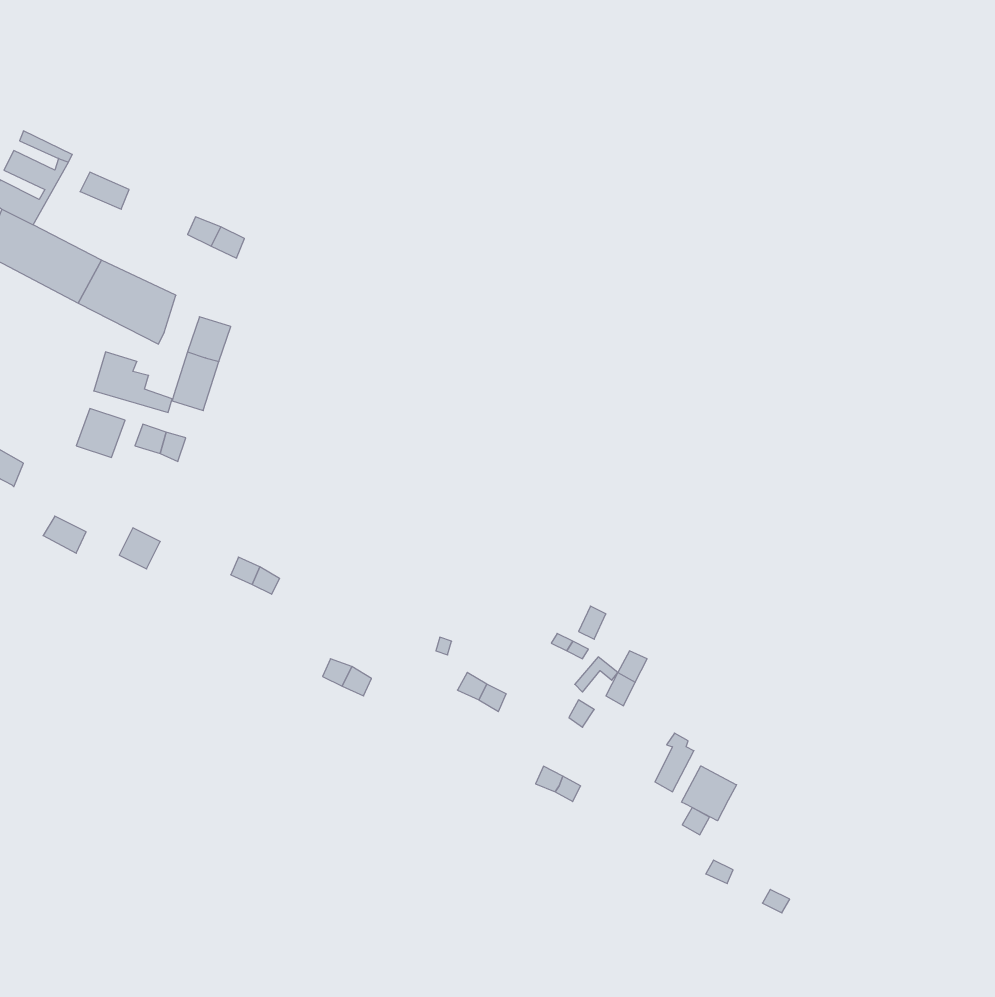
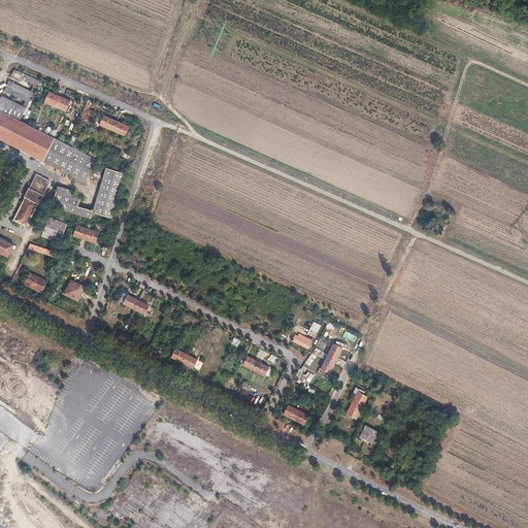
building: none -> [11,173,50,227]
building: [682,766,737,821] -> none

